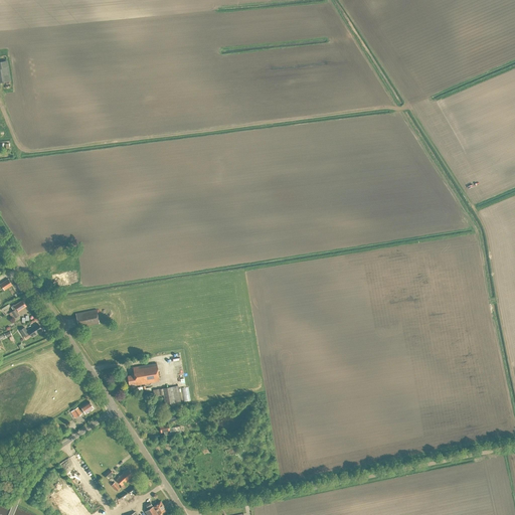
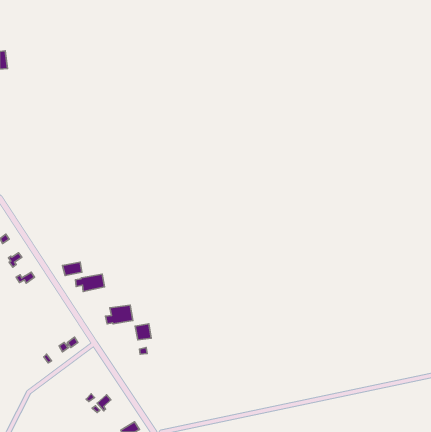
building: none -> [75,274,105,292]

